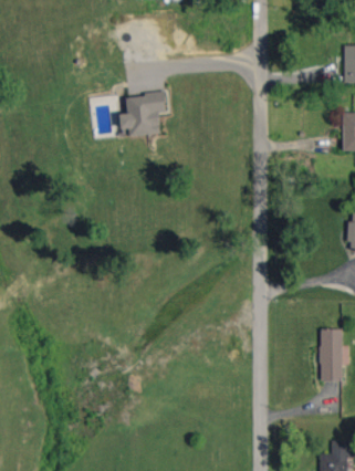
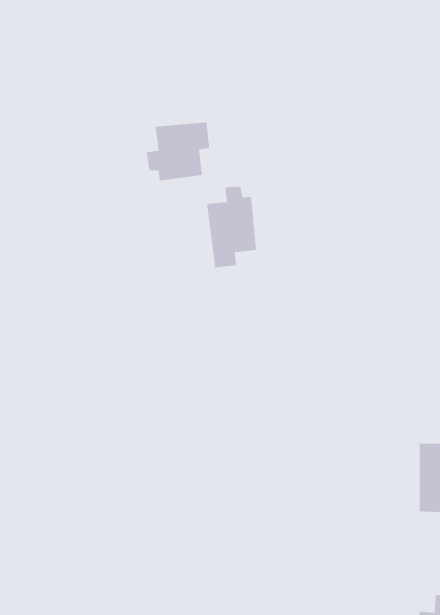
building: none -> [206,186,257,268]

